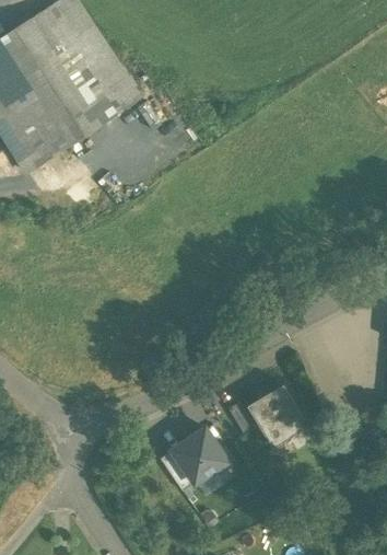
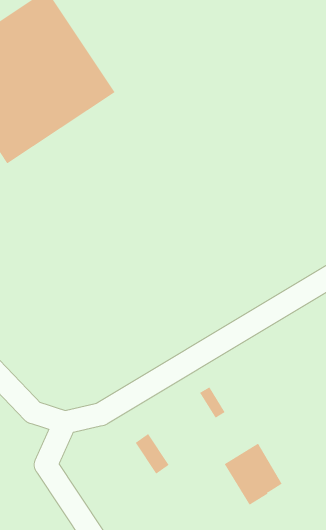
building: [245,384,306,449] -> [224,443,283,505]
building: [173,430,225,484] -> none

